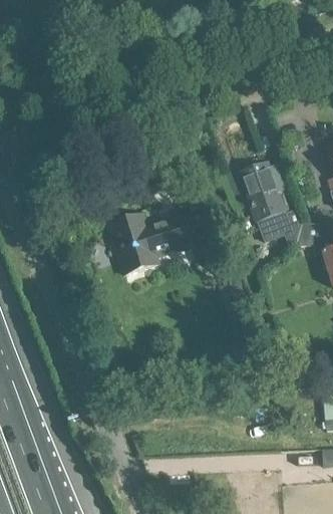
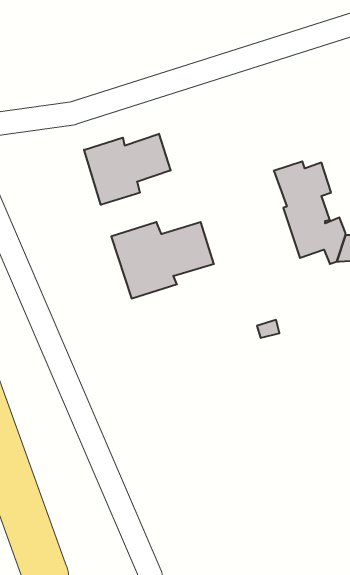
building: none -> [84,134,171,205]

